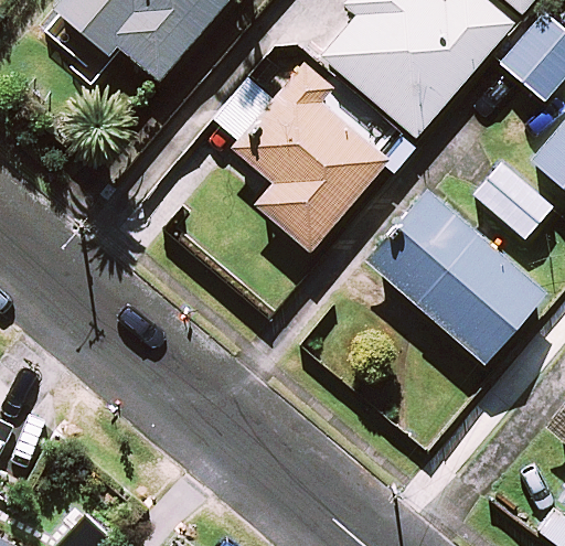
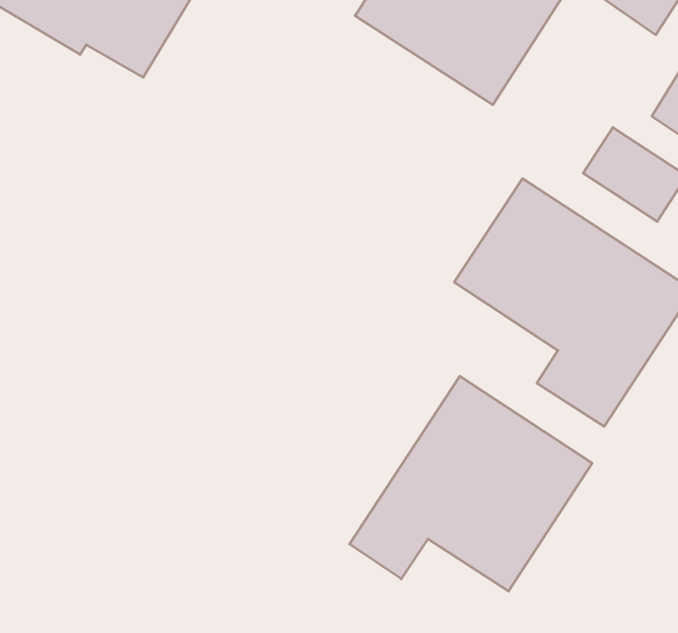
building: [235,63,390,248] -> none
building: none -> [350,376,592,591]

